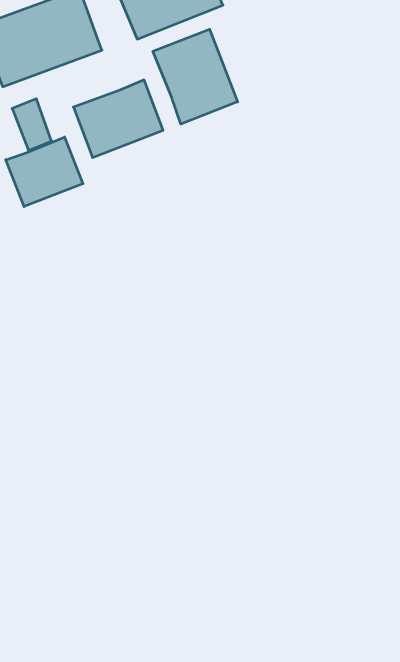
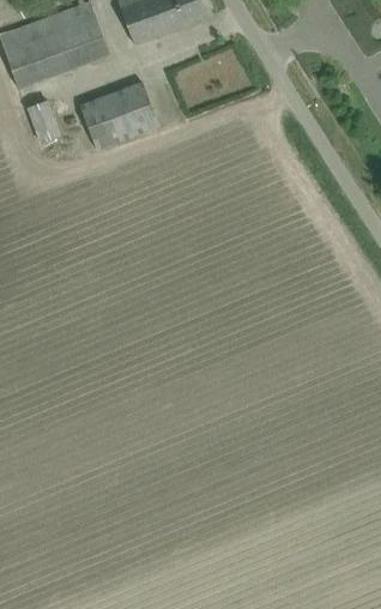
building: [153,29,238,124] -> none
building: [6,137,83,207] -> none

